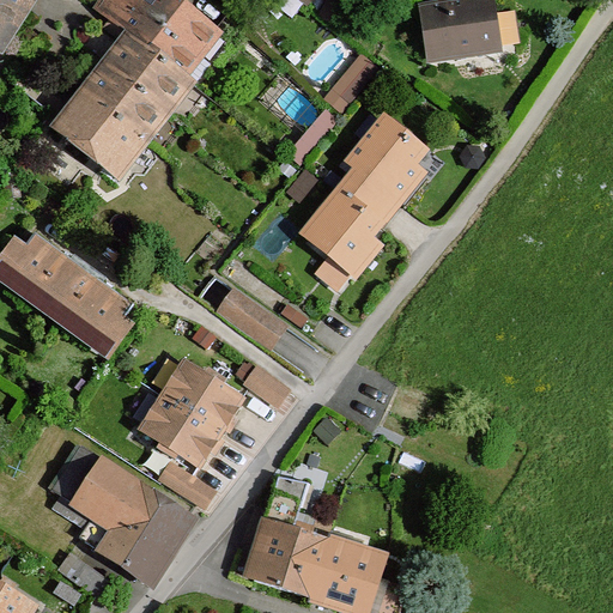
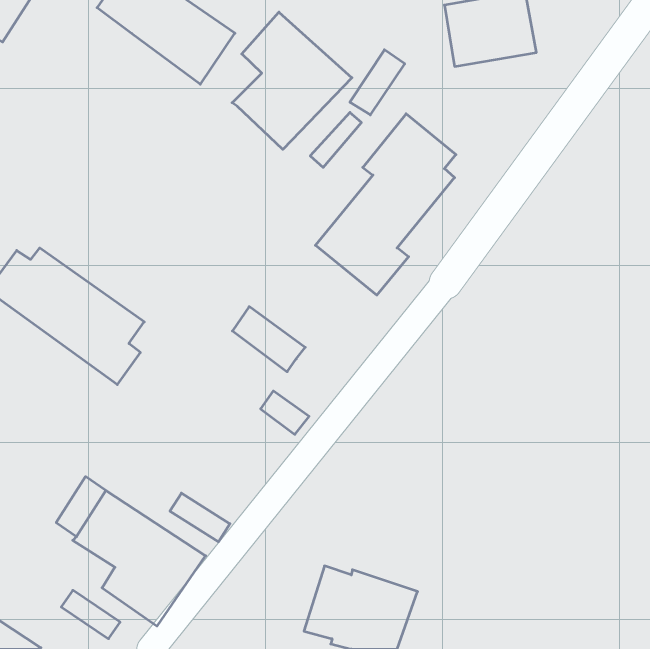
building: none -> [232,12,352,149]
building: [48,31,195,183] -> none
building: [136,357,247,471] -> none
building: [243,517,304,591] -> none

